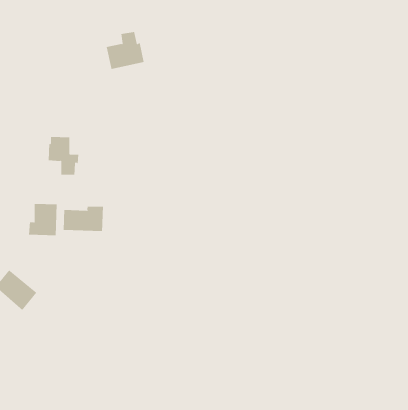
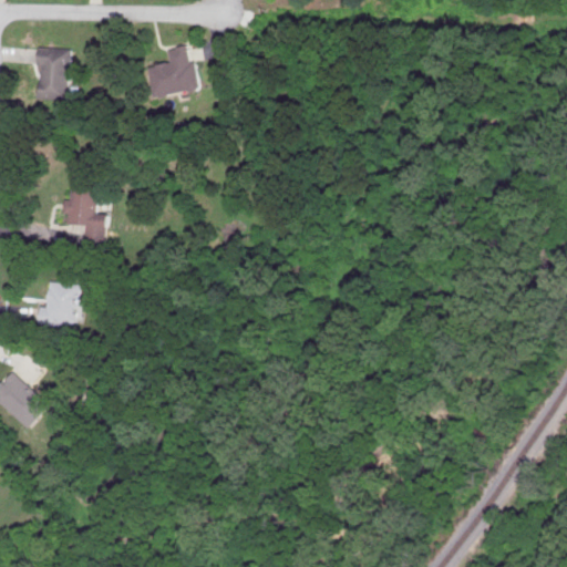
building: none -> [37,49,68,101]
building: [63,206,103,232] -> none

